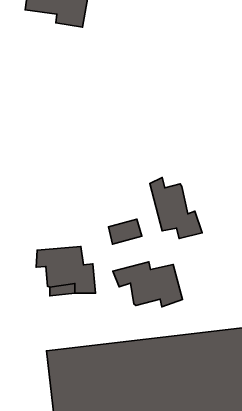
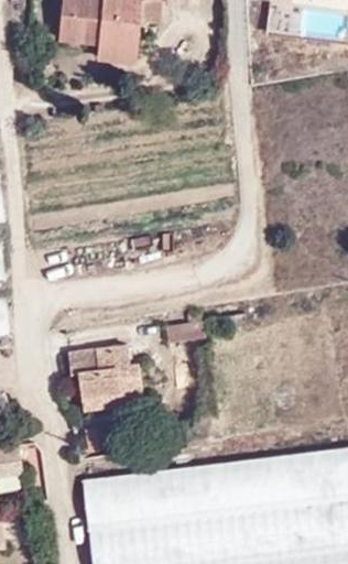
building: [150,178,202,239] -> none
building: [113,262,182,307] -> none

